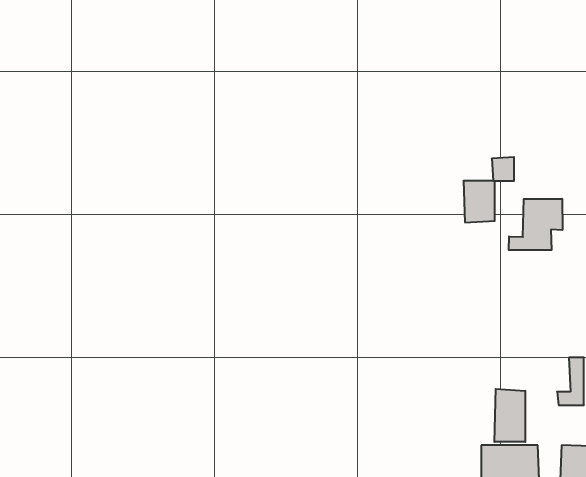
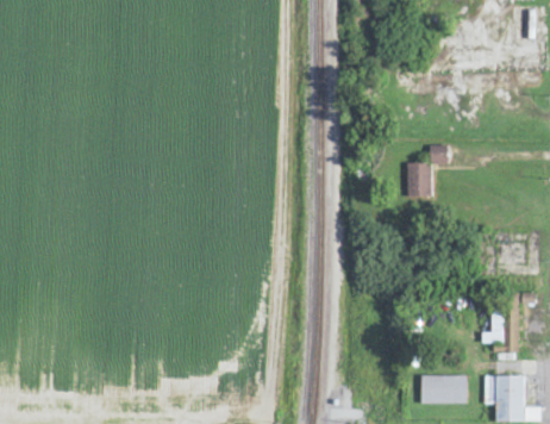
building: [509,199,562,250] -> none
building: [494,389,525,442] -> none

